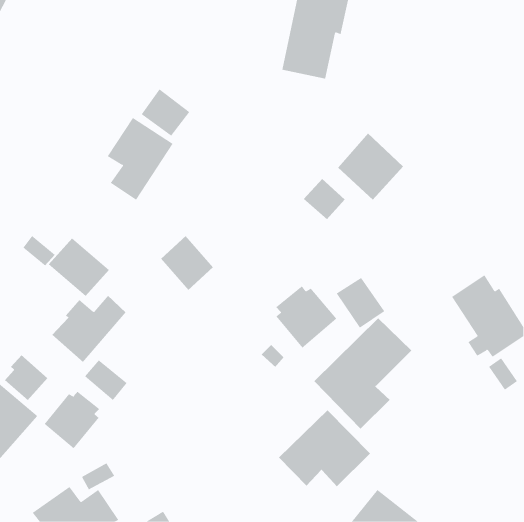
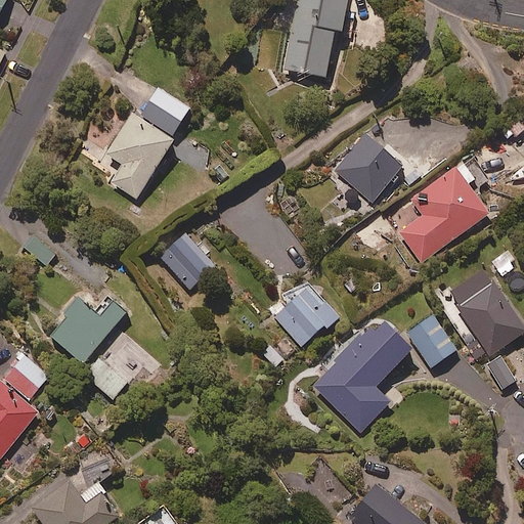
building: none -> [399,162,488,261]
building: [303,178,346,220] -> none
building: [48,238,110,297] -> none
building: [336,277,385,329] -> [404,316,453,367]
building: [44,391,100,449] -> none
building: [278,409,371,487] -> none

